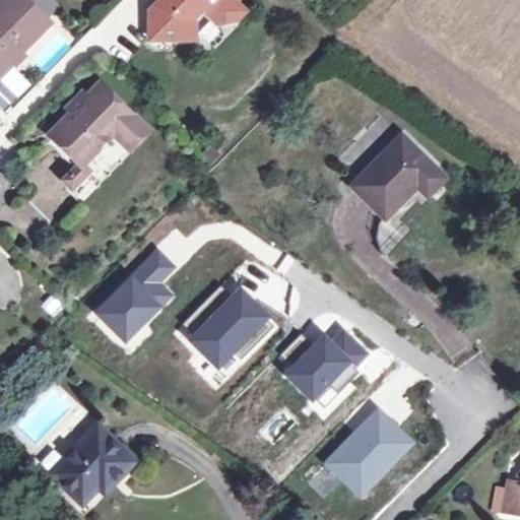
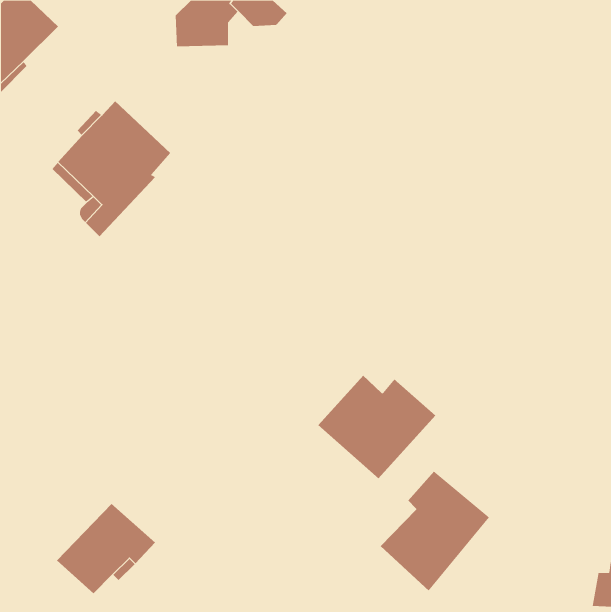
building: [352,136,444,256] -> none
building: [85,237,179,342] -> none
building: [178,275,271,371] -> none

